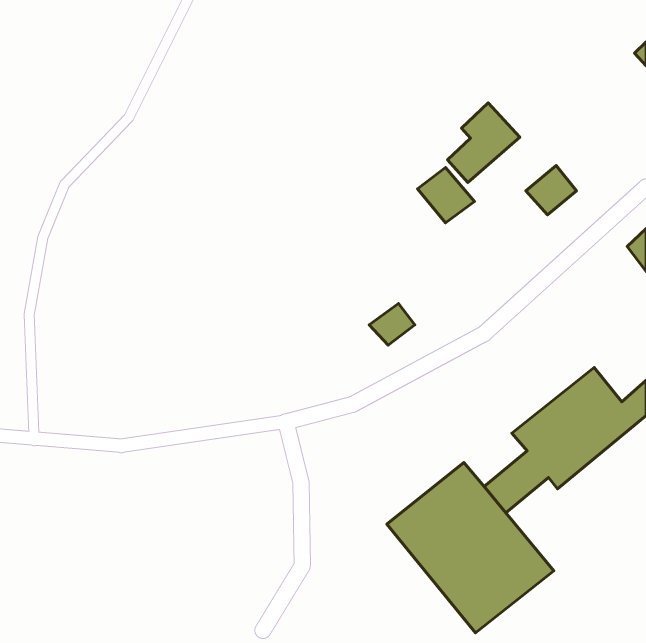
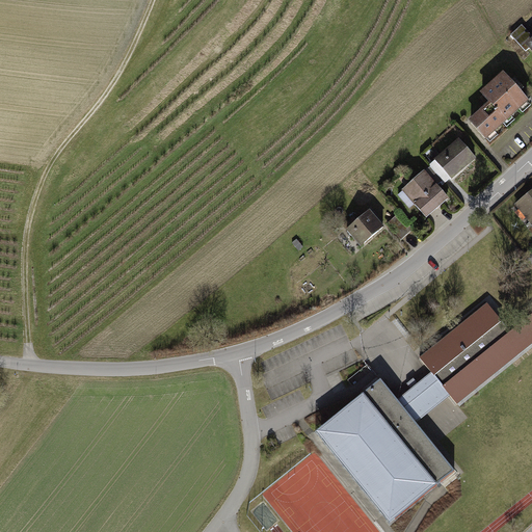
building: [448,103,520,183] -> [467,73,526,138]
building: [418,167,475,223] -> [401,170,448,216]
building: [369,304,415,345] -> [344,209,381,243]

